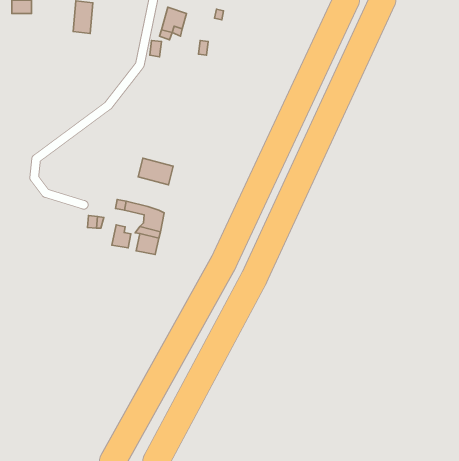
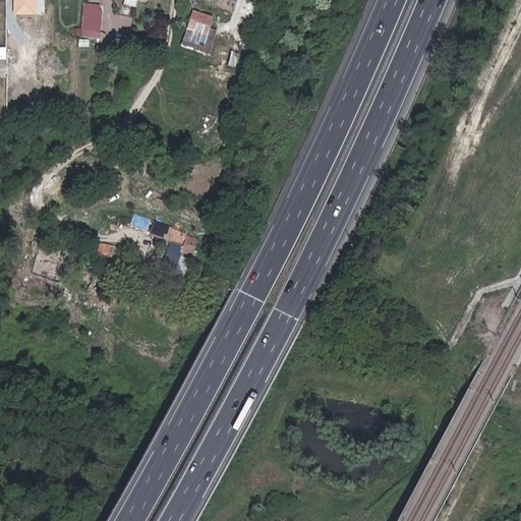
building: [138,158,173,185] -> none
building: [112,225,131,248] -> none

